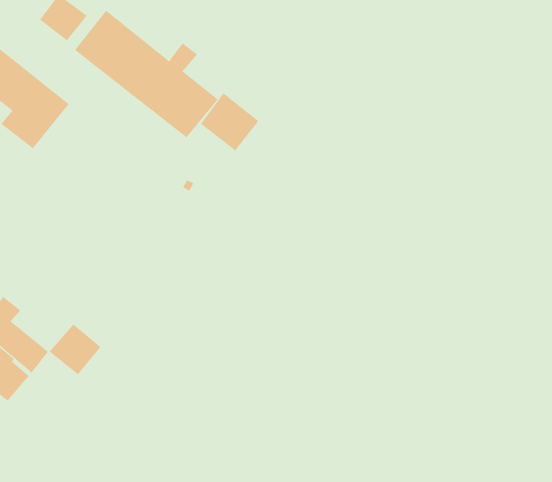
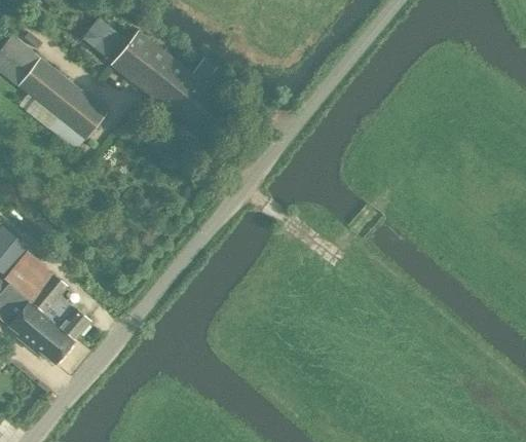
building: [200,93,259,151] -> none
building: [49,323,101,375] -> none

